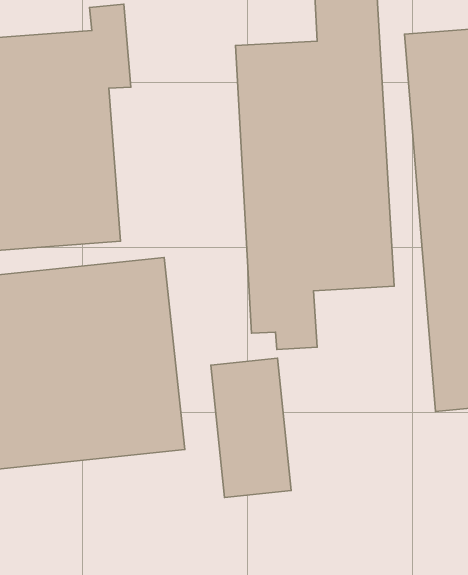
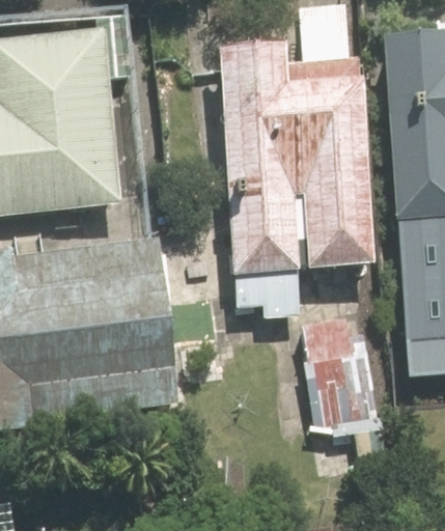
building: [211,358,291,498] -> [304,309,377,435]

